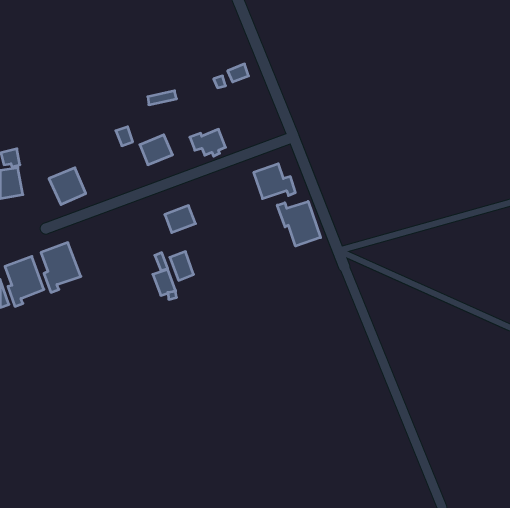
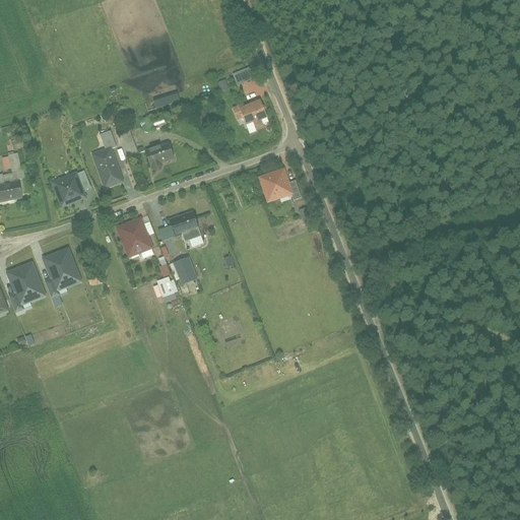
building: [190,129,226,156] -> [231,98,267,125]
building: none -> [90,145,124,188]
building: [277,201,321,246] -> none
building: none -> [115,216,154,259]

